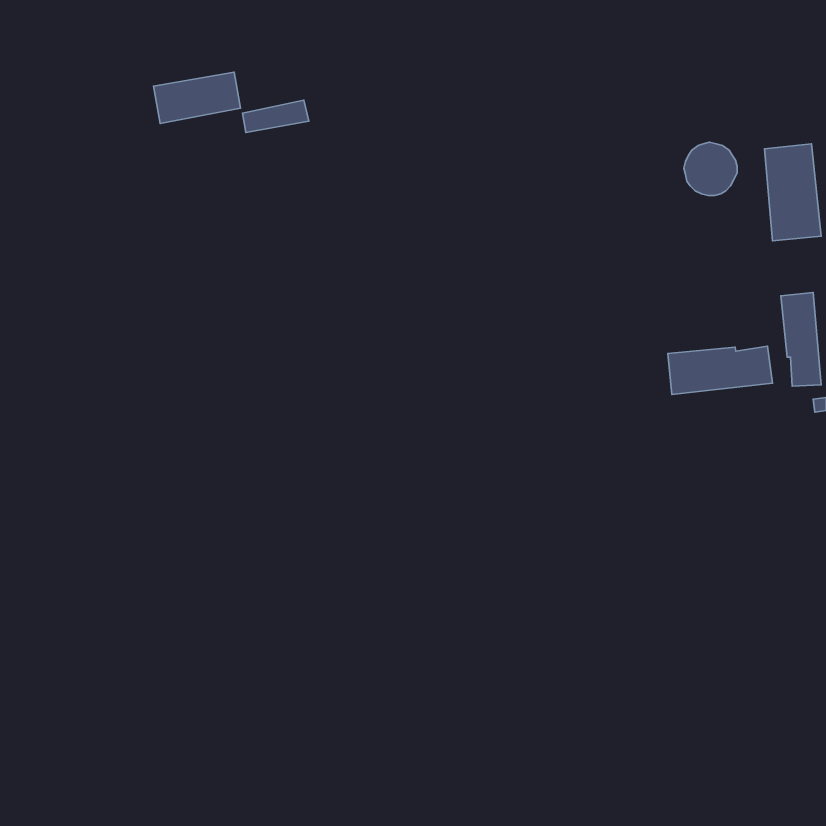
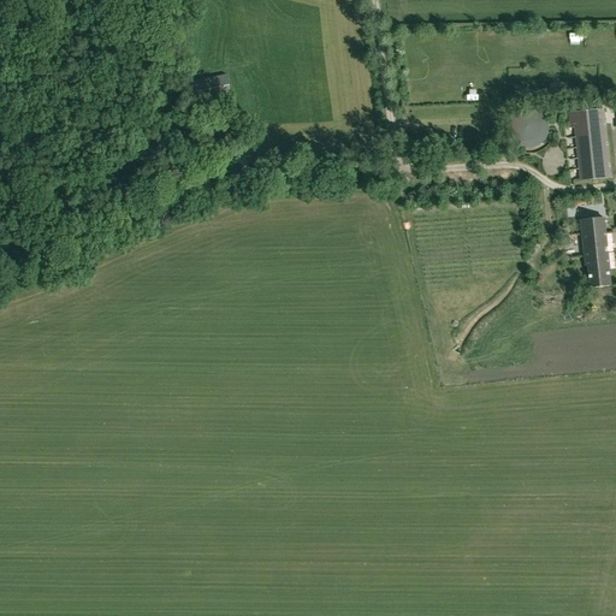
building: [153,72,241,123] -> none
building: [668,346,772,395] -> none

